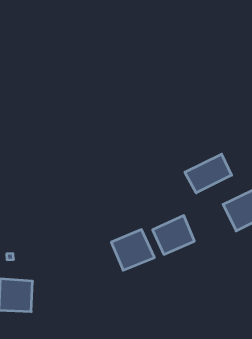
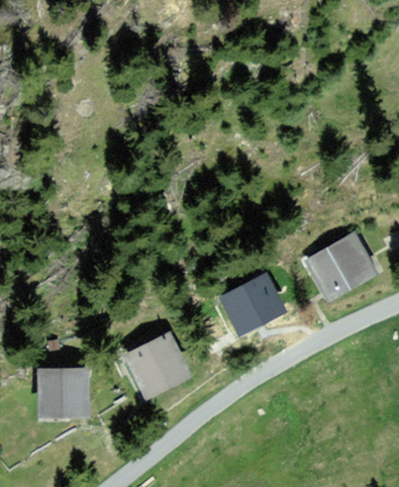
building: [185,154,232,193] -> none
building: [111,230,154,270] -> [129,338,184,390]

